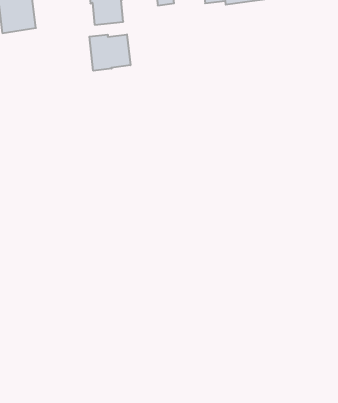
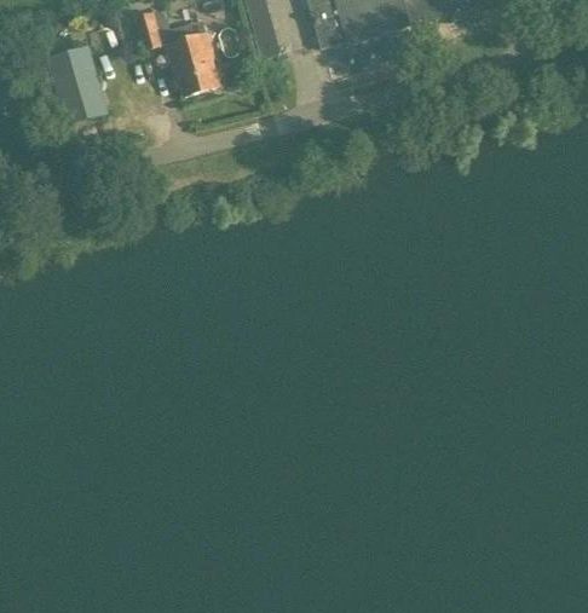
building: [89,34,130,71] -> none

